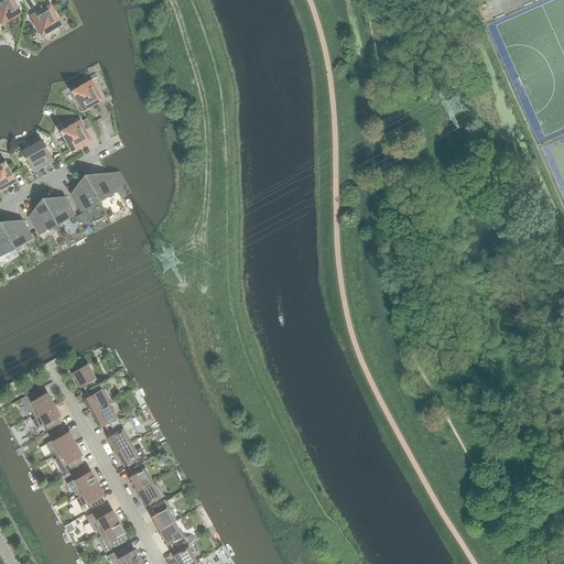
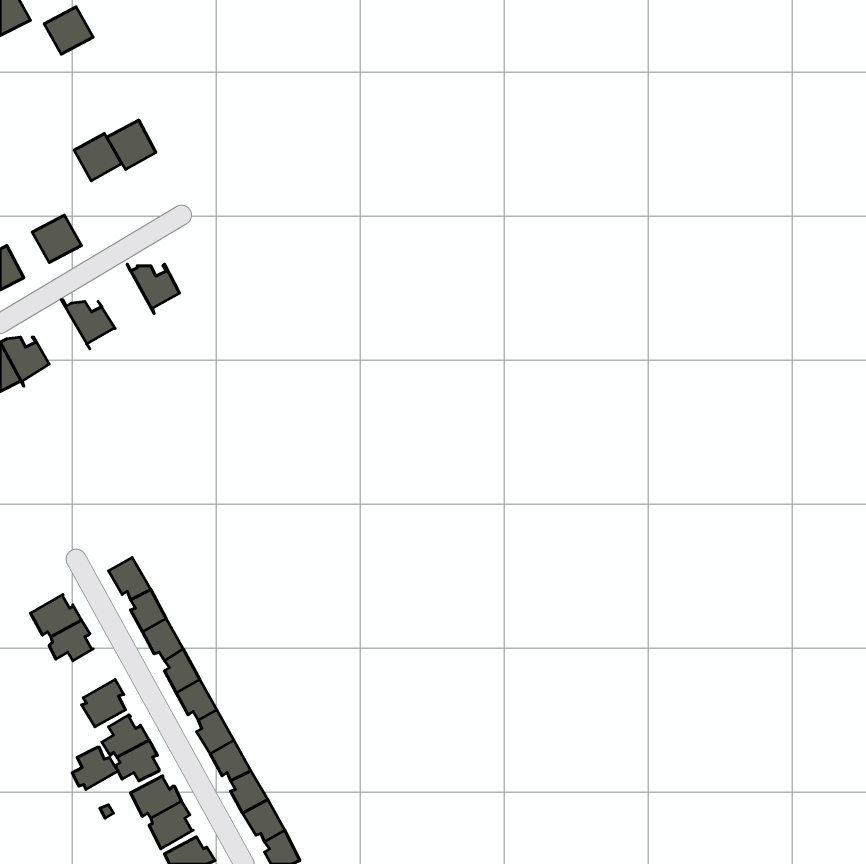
building: [58,119,89,150] -> [74,133,122,181]
building: [70,172,100,210] -> none
building: [28,195,58,235] -> none
building: [45,426,75,454] -> [72,747,118,790]

